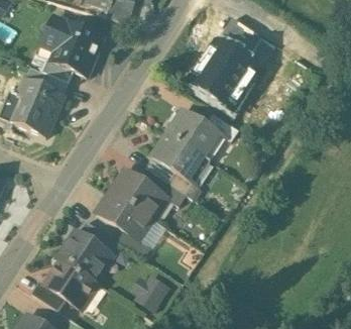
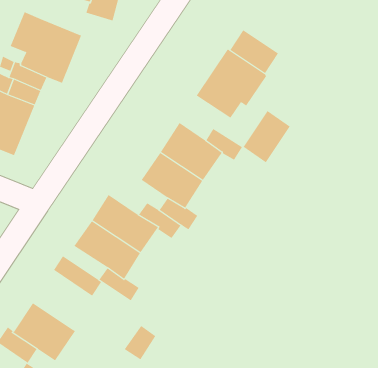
building: none -> [243,110,291,163]
building: [56,229,112,281] -> none

